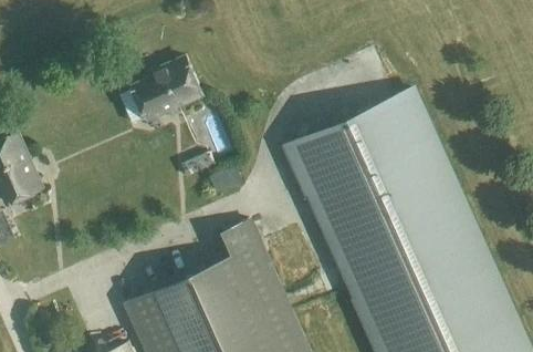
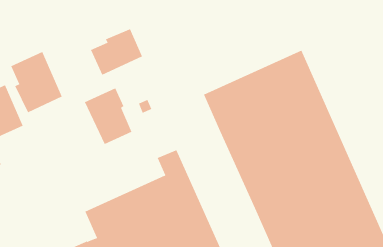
building: none -> [10,51,63,113]
building: none -> [84,87,132,145]

